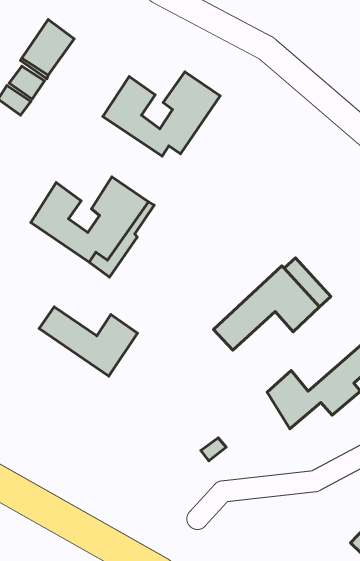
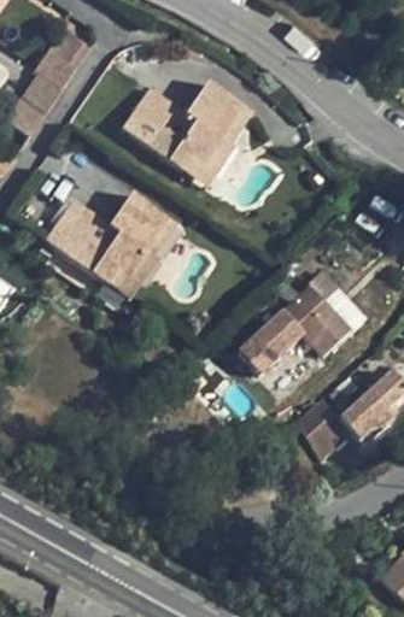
building: none -> [185,106,252,184]
building: [39,307,138,376] -> none

